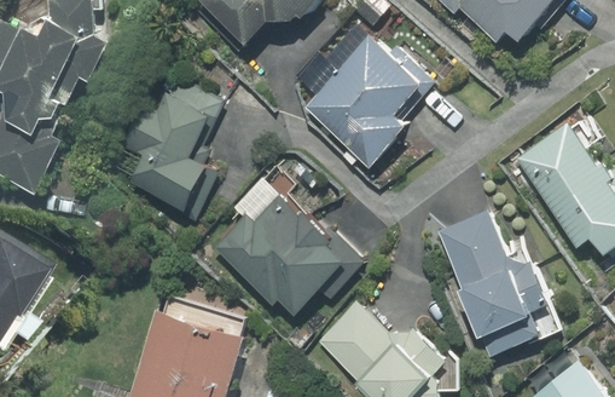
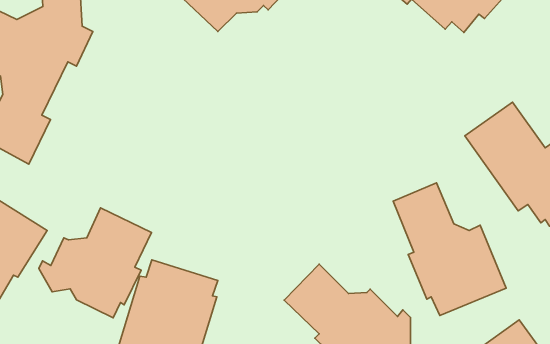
building: [304,36,435,163] -> none
building: [116,77,222,217] -> none
building: [211,165,365,313] -> none
building: none -> [39,208,152,318]

